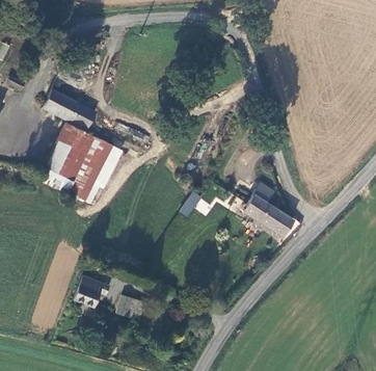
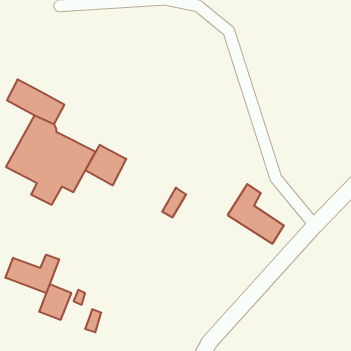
building: none -> [85,145,126,185]
building: none -> [5,255,59,293]

